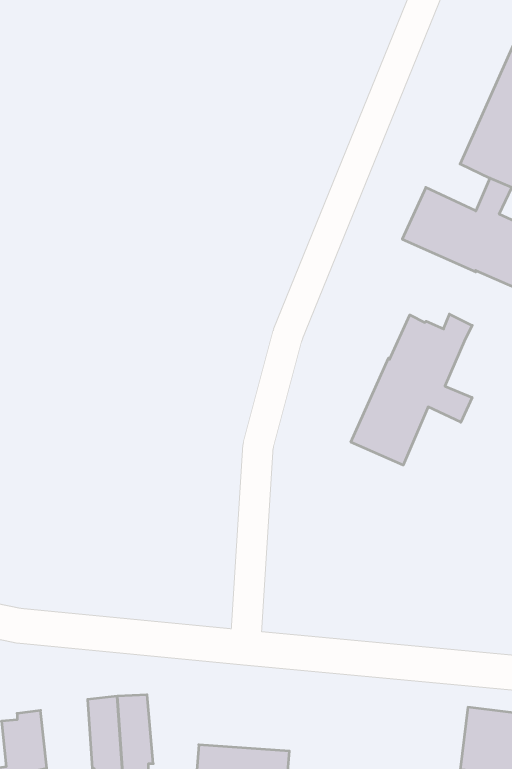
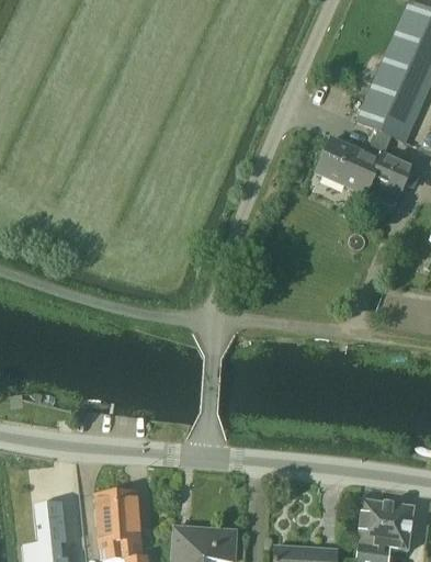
building: [351,314,472,465] -> none

